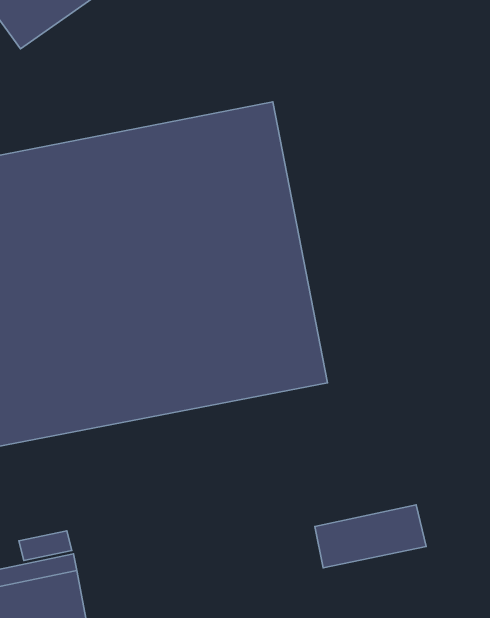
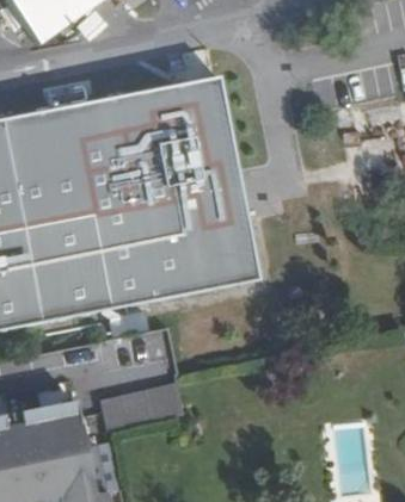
building: [315,505,426,568] -> [106,378,186,423]

